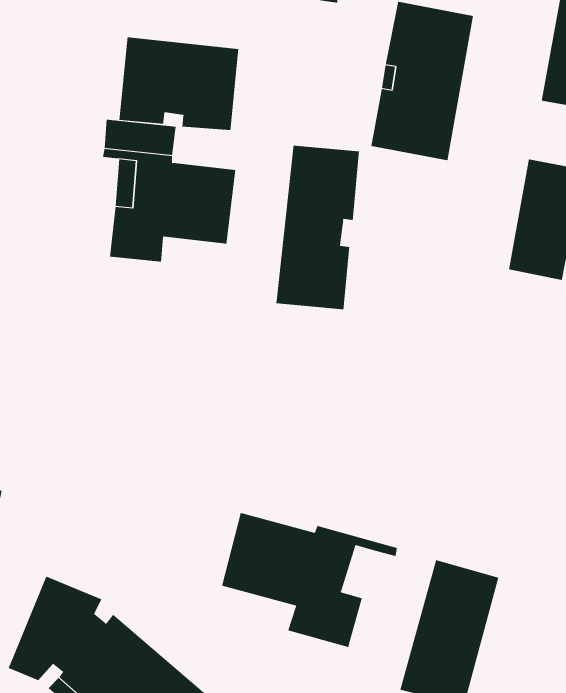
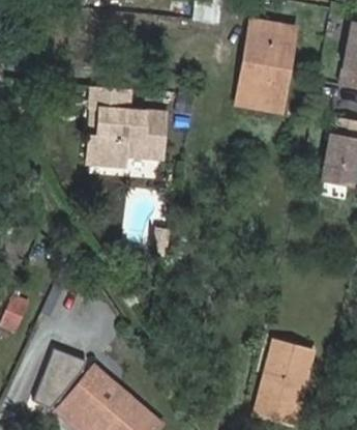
building: [119,36,239,131] -> none
building: [276,145,359,310] -> none
building: [221,512,397,648] -> none

